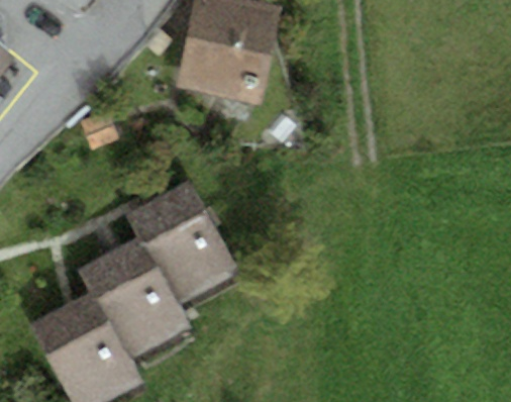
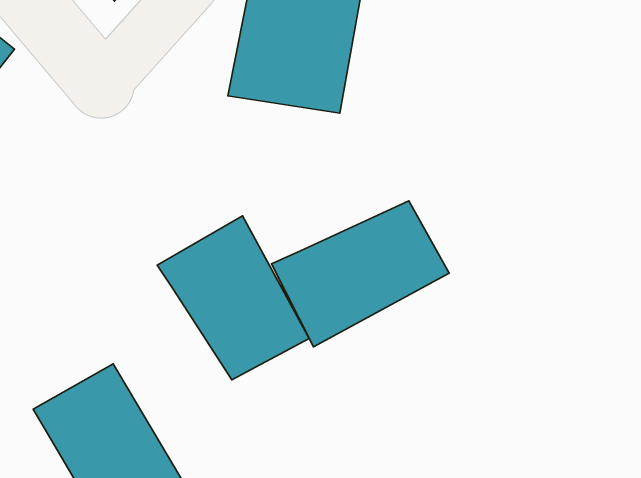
building: none -> [272,201,449,347]
building: [77,234,195,364] -> none

